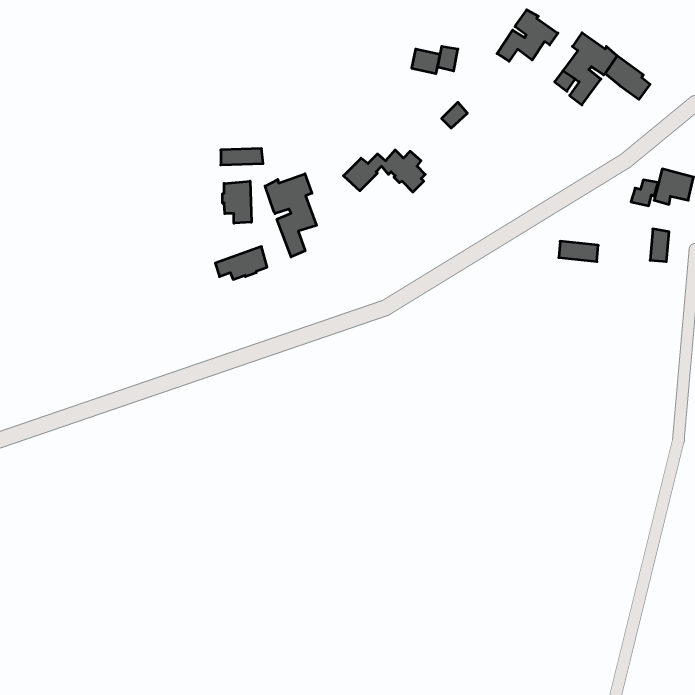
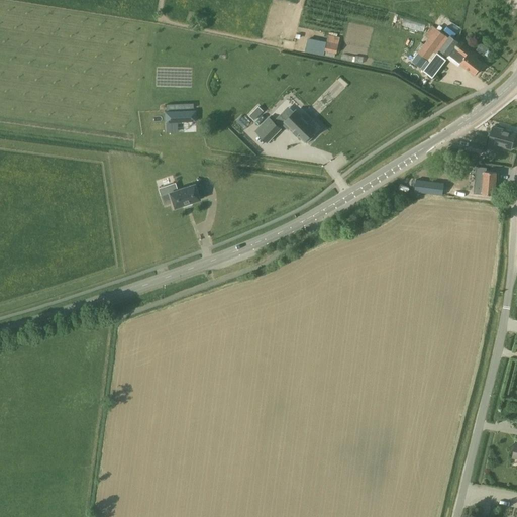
building: [497,10,558,61] -> none
building: [265,174,317,257] -> none
building: [223,181,251,223] -> none

